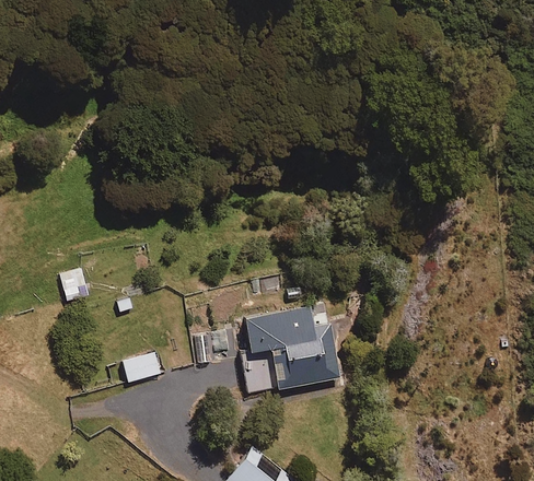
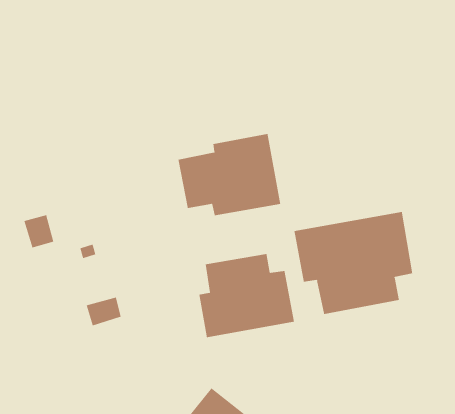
building: none -> [178,133,281,216]
building: none -> [294,211,413,315]

